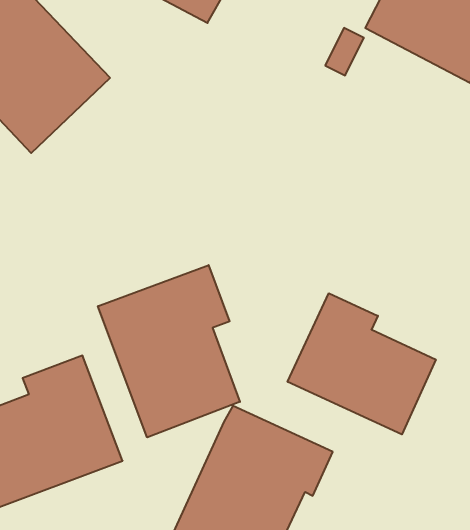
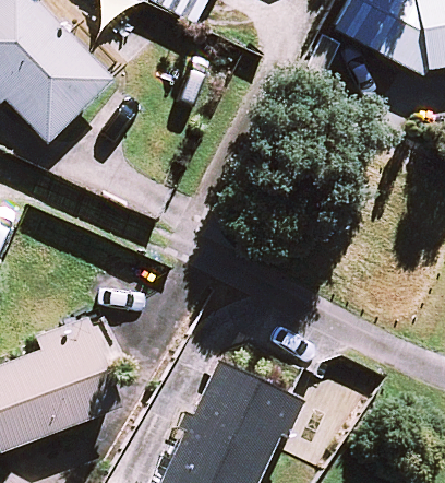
building: [98,265,240,437] -> none
building: [288,293,436,434] -> none

